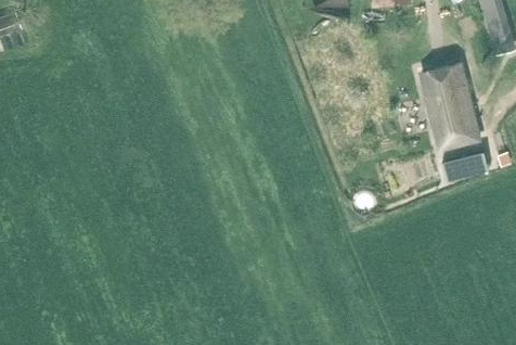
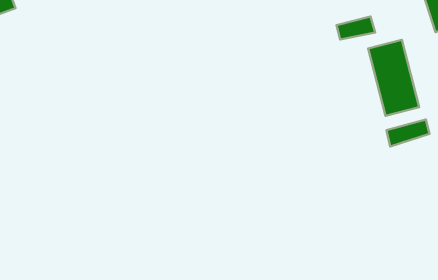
building: none -> [337,16,375,39]

